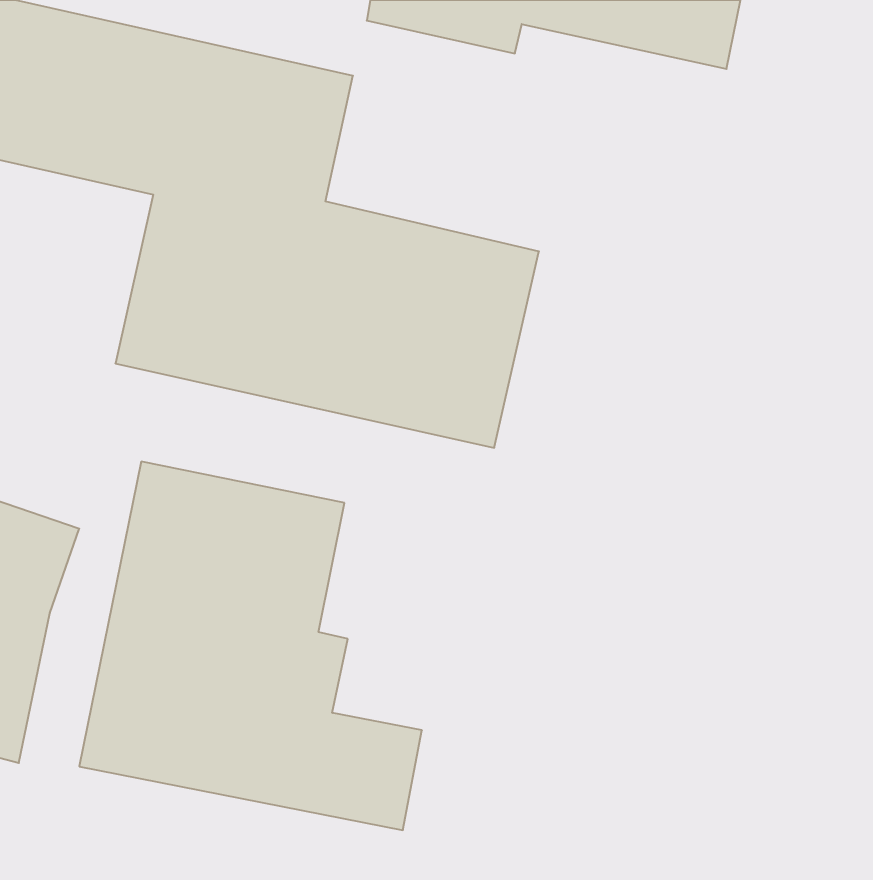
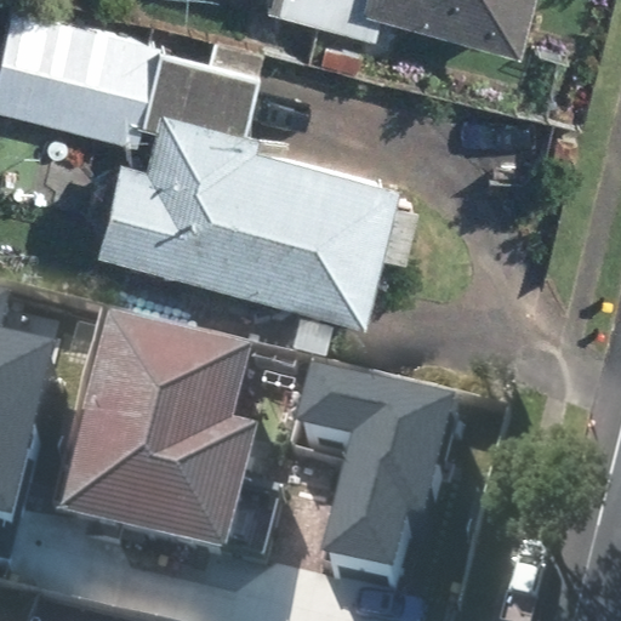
building: none -> [304,375,463,586]

